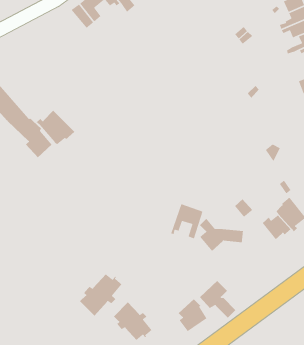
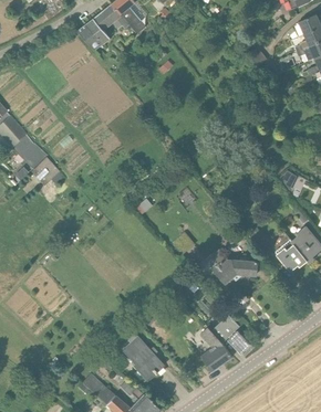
building: [35,110,75,145] -> none
building: [170,203,204,239] -> none
building: [79,273,123,316] -> none

